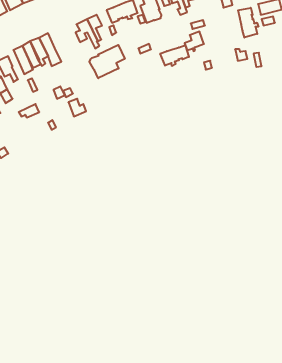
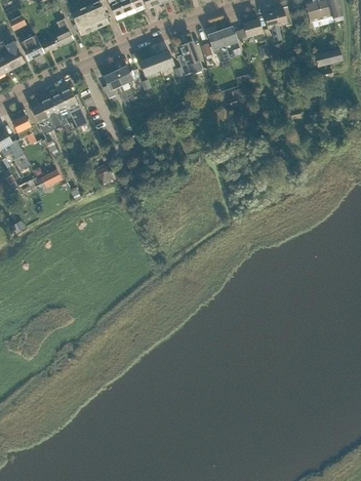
building: [238,8,258,38] -> none
building: [89,45,125,78] -> none
building: [160,45,189,66] -> none

